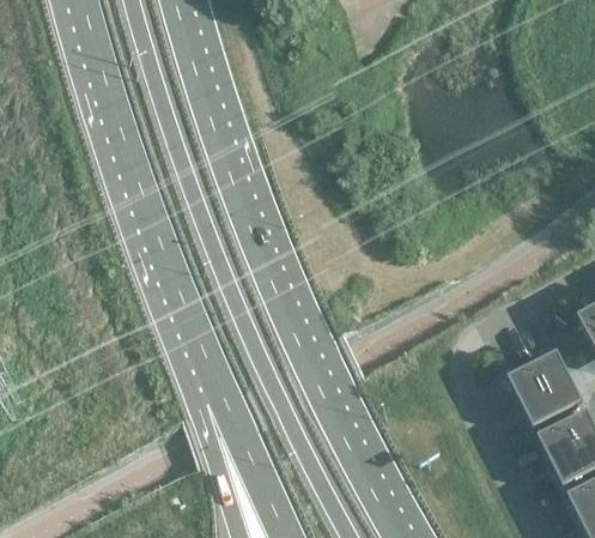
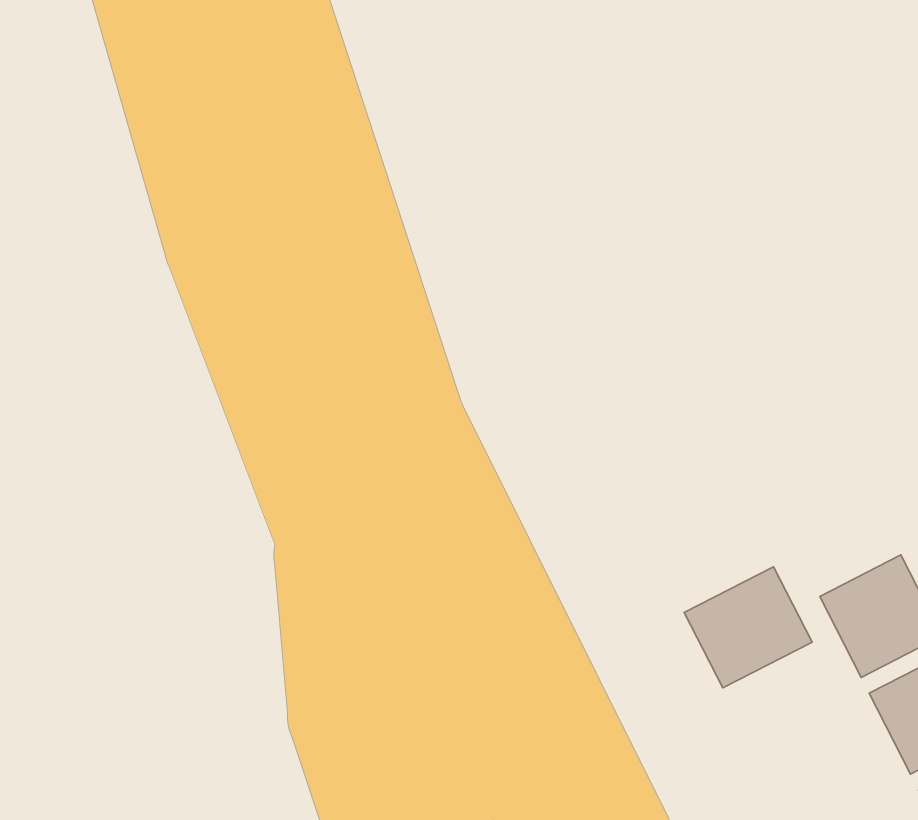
building: none -> [684,567,812,688]

